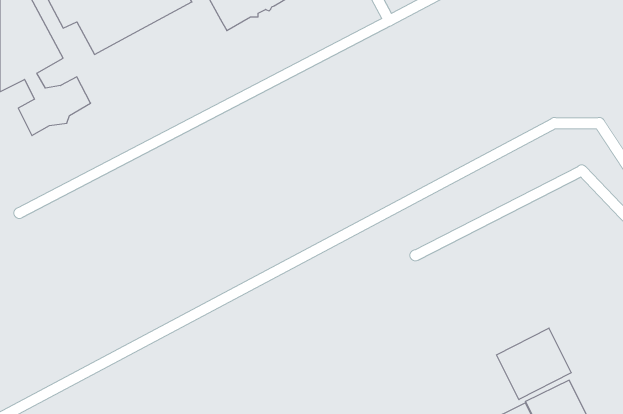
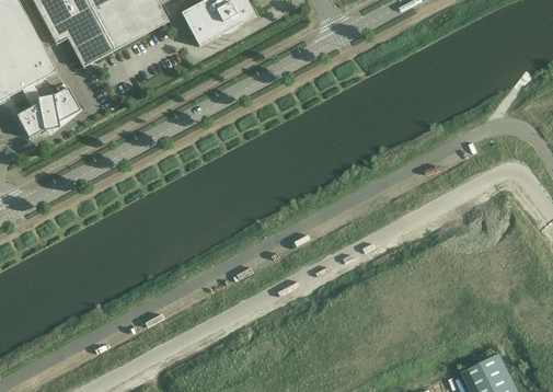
building: [497,328,571,400] -> none

